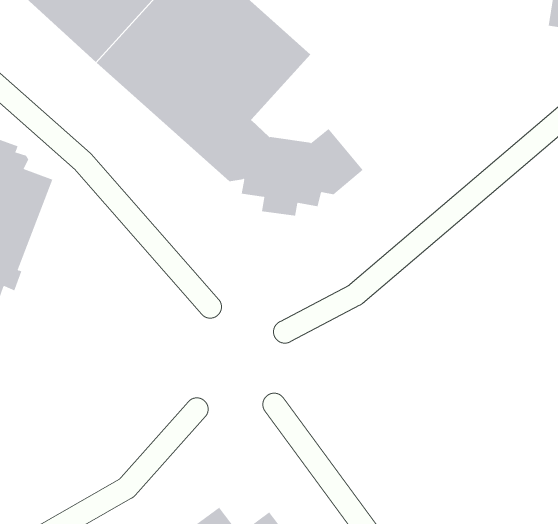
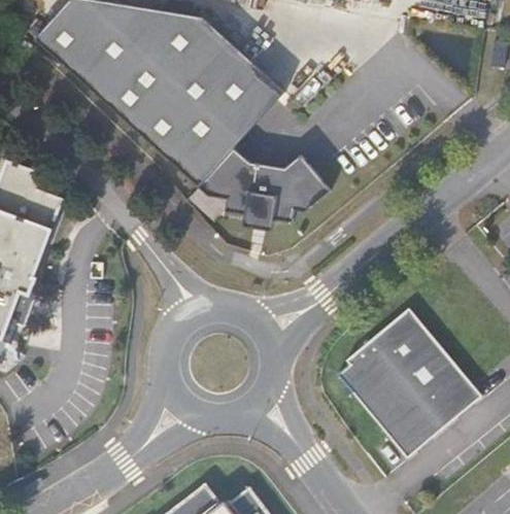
building: none -> [336,307,481,458]

